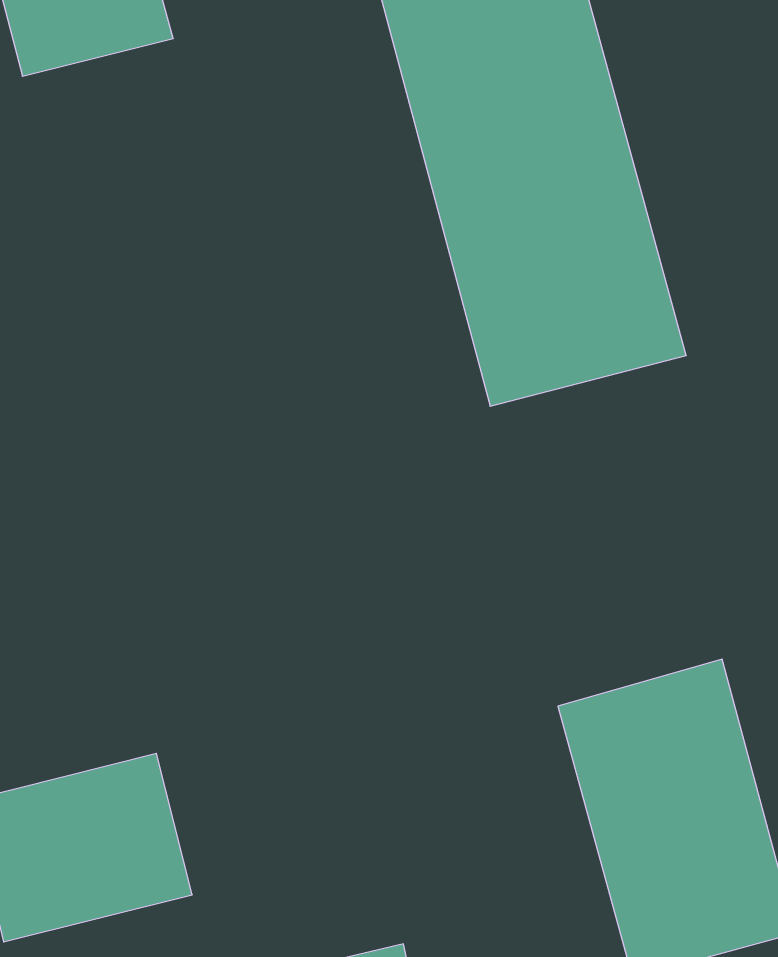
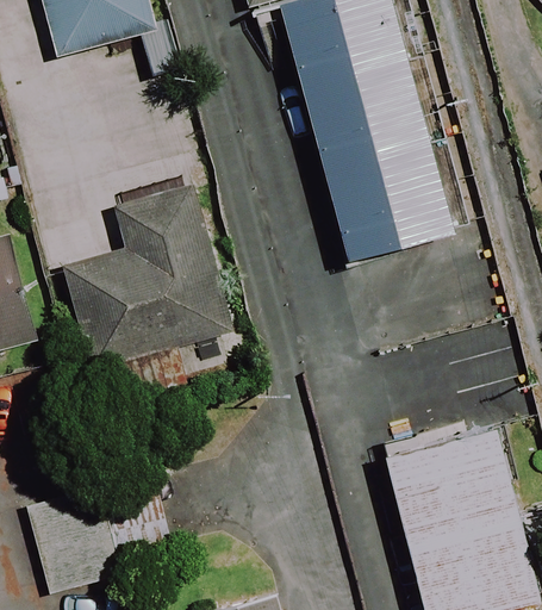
building: none -> [62,218,231,366]

